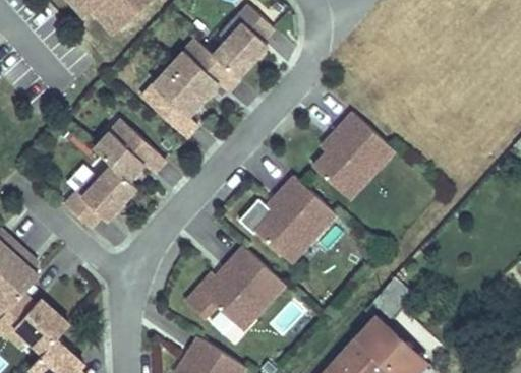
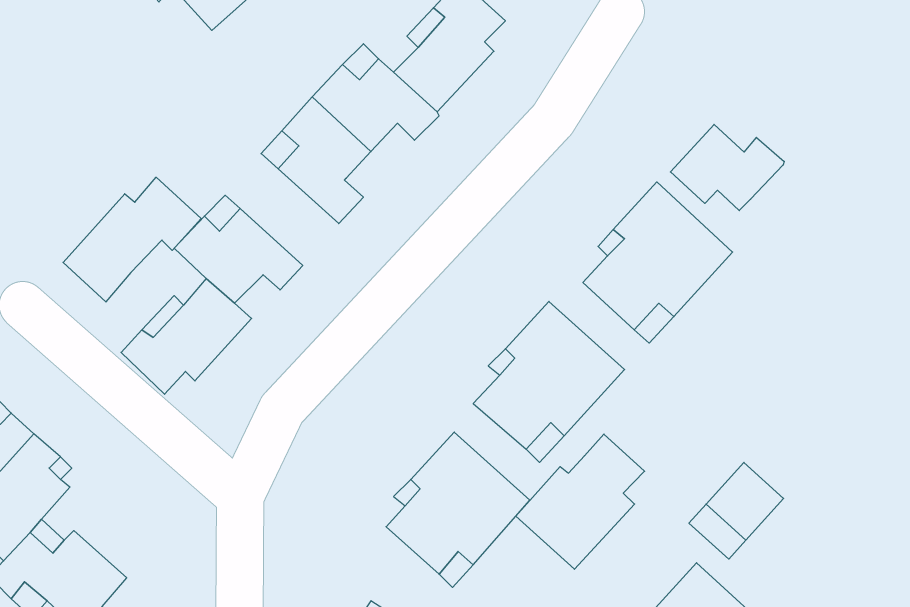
building: none -> [670,124,784,211]
building: none -> [63,177,201,302]
building: none -> [516,434,645,569]

